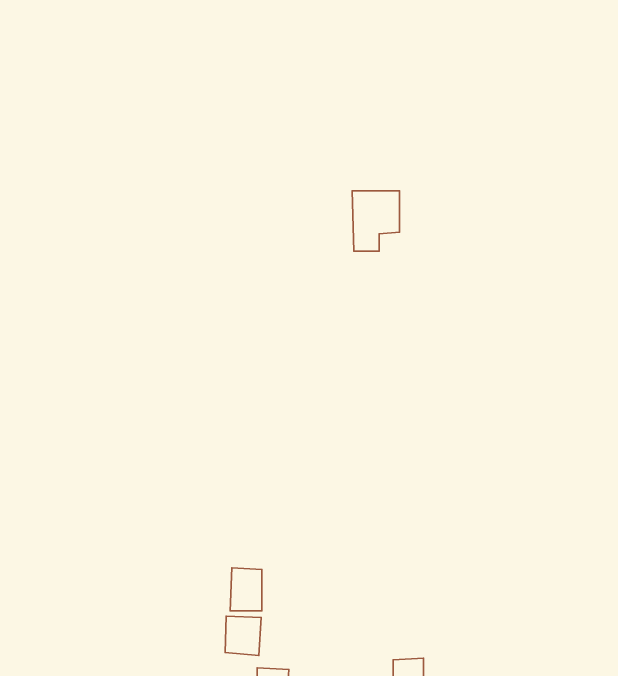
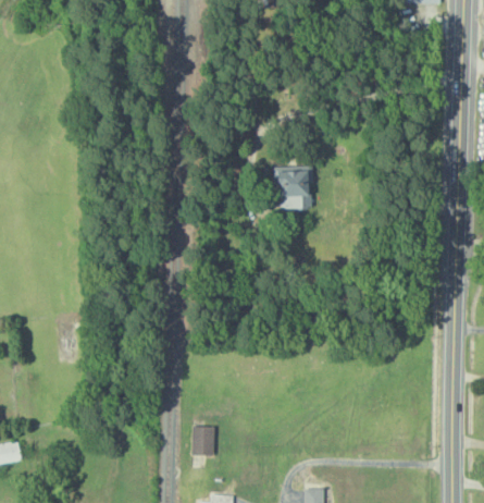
building: [225,616,261,655] -> none

